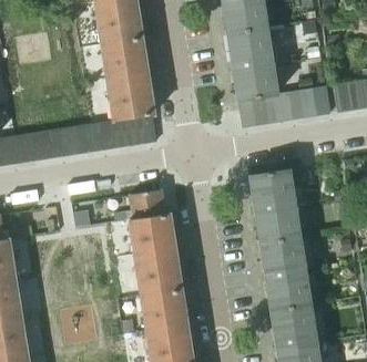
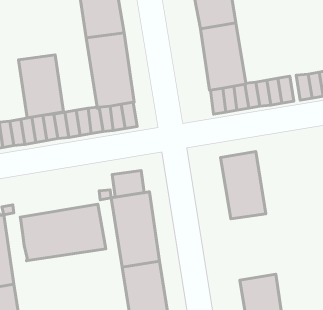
building: none -> [18,55,64,118]
building: none -> [20,204,106,261]
building: [261,237,310,310] -> none

